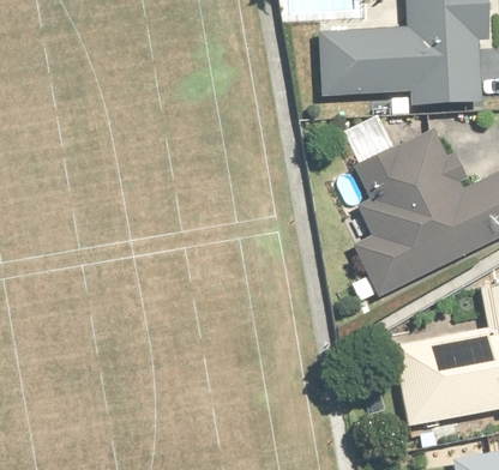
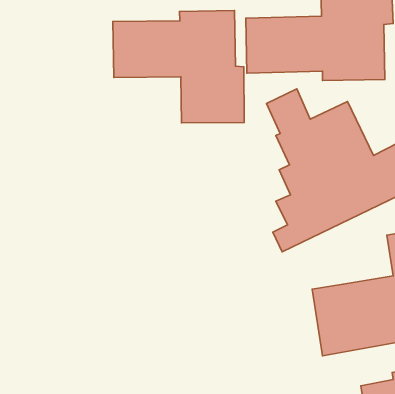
building: none -> [113,10,244,123]

